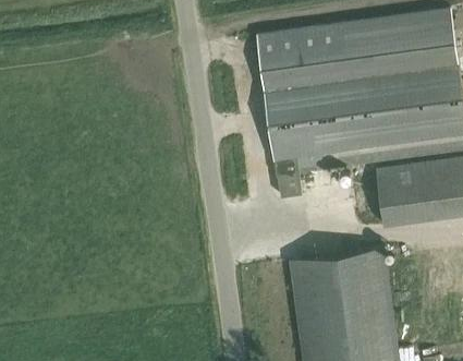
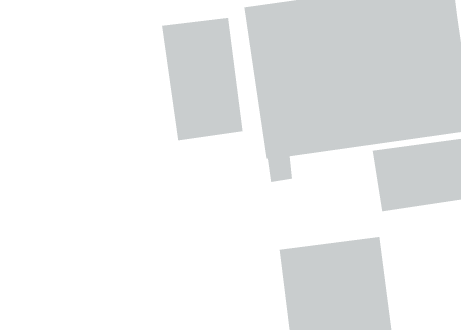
building: none -> [161,17,243,141]

